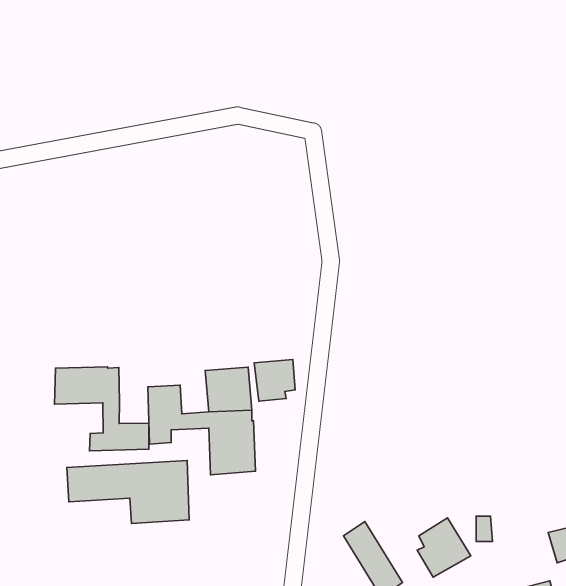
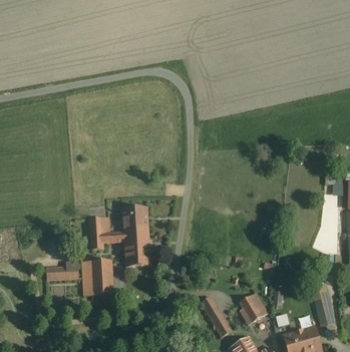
building: [254,359,295,401] -> none
building: [54,367,149,451] -> none

